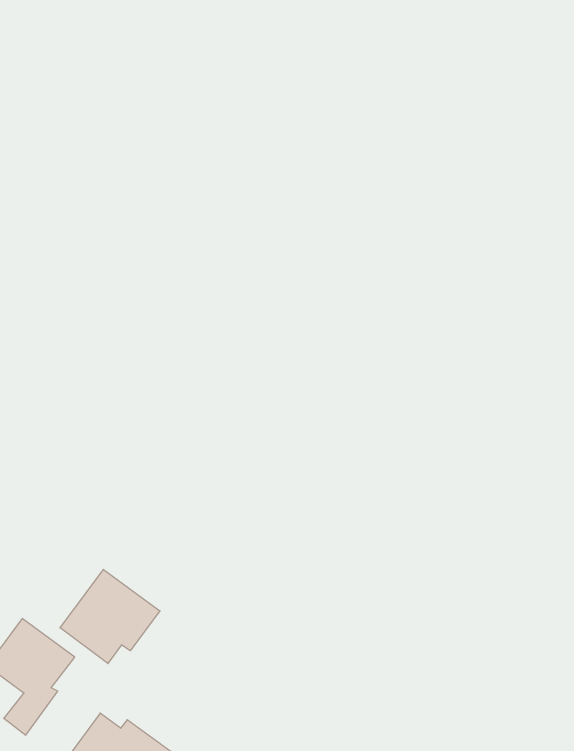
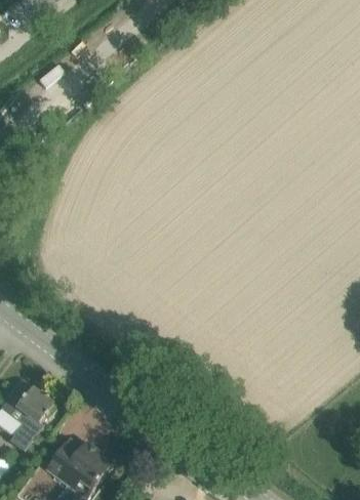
building: [60,569,160,664] -> none

